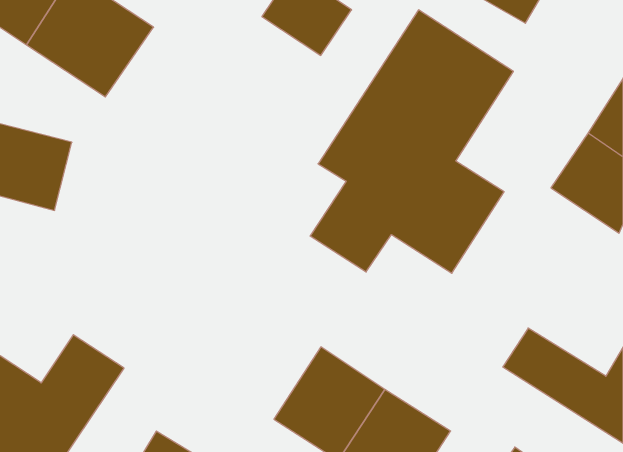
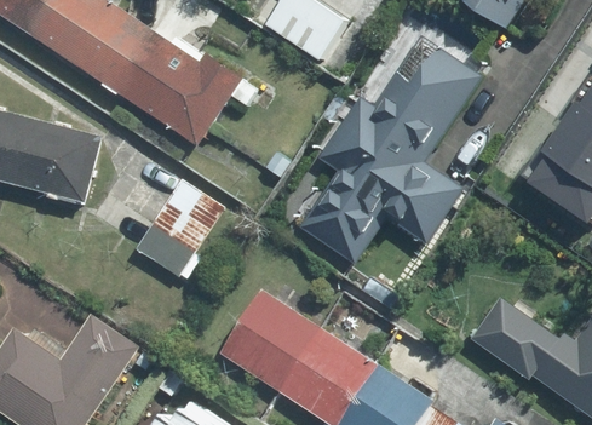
building: none -> [122,34,238,145]
building: none -> [136,179,226,277]
building: none -> [215,286,317,389]

